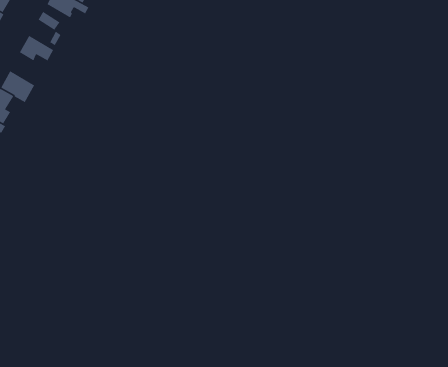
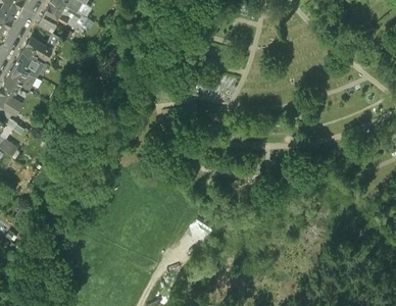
building: none -> [15,51,43,78]

